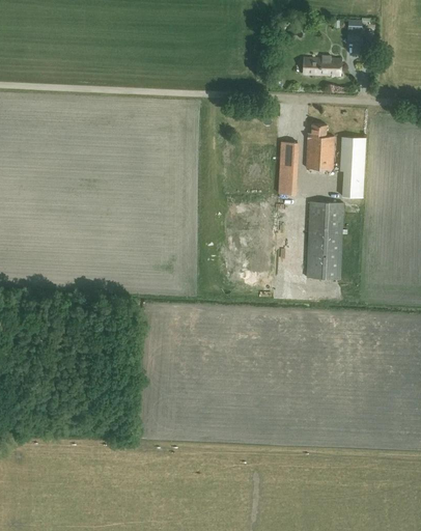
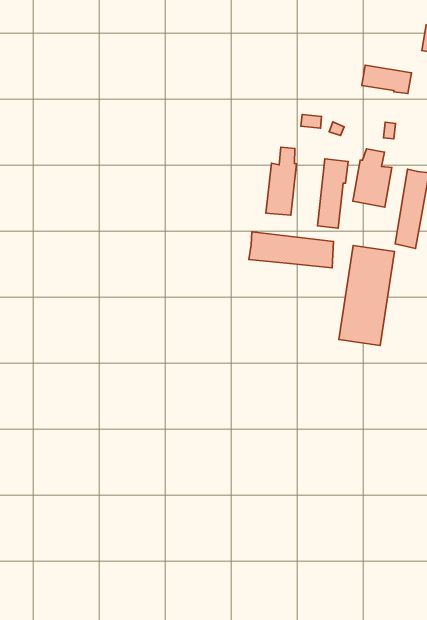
building: none -> [266,147,296,215]
building: none -> [249,232,333,268]

